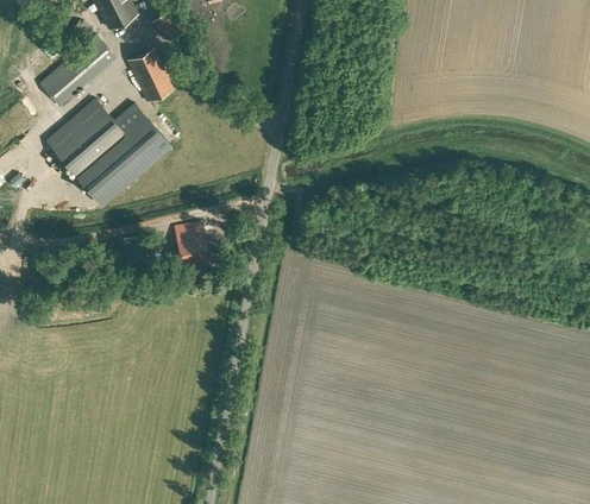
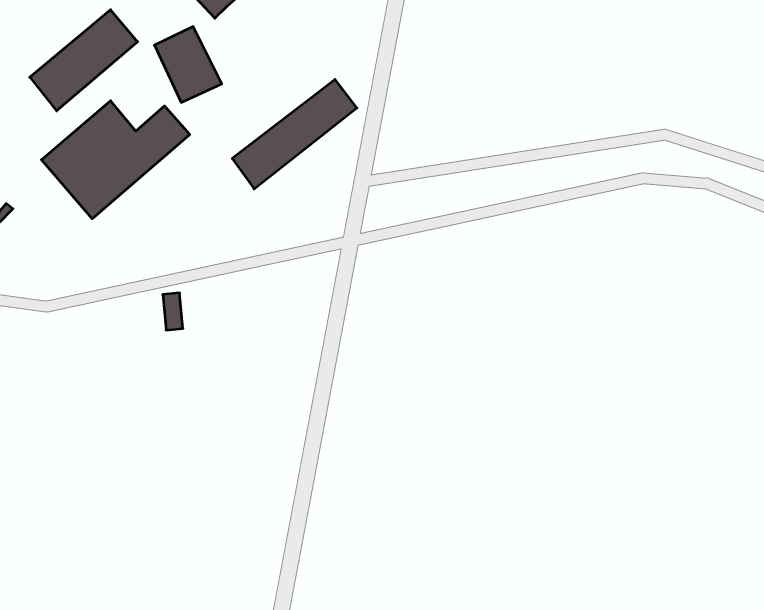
building: [86,125,174,202] -> [232,79,357,189]
building: [172,222,208,269] -> none

